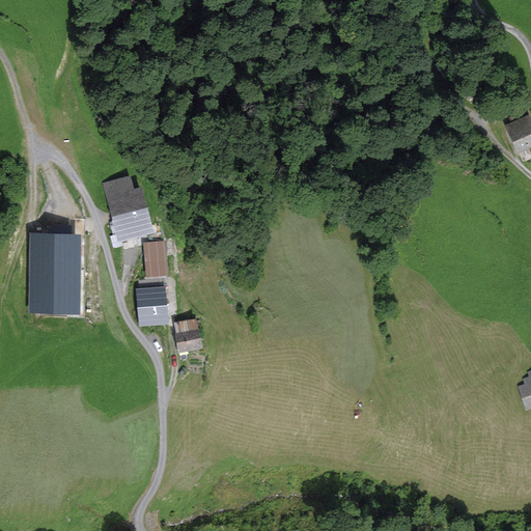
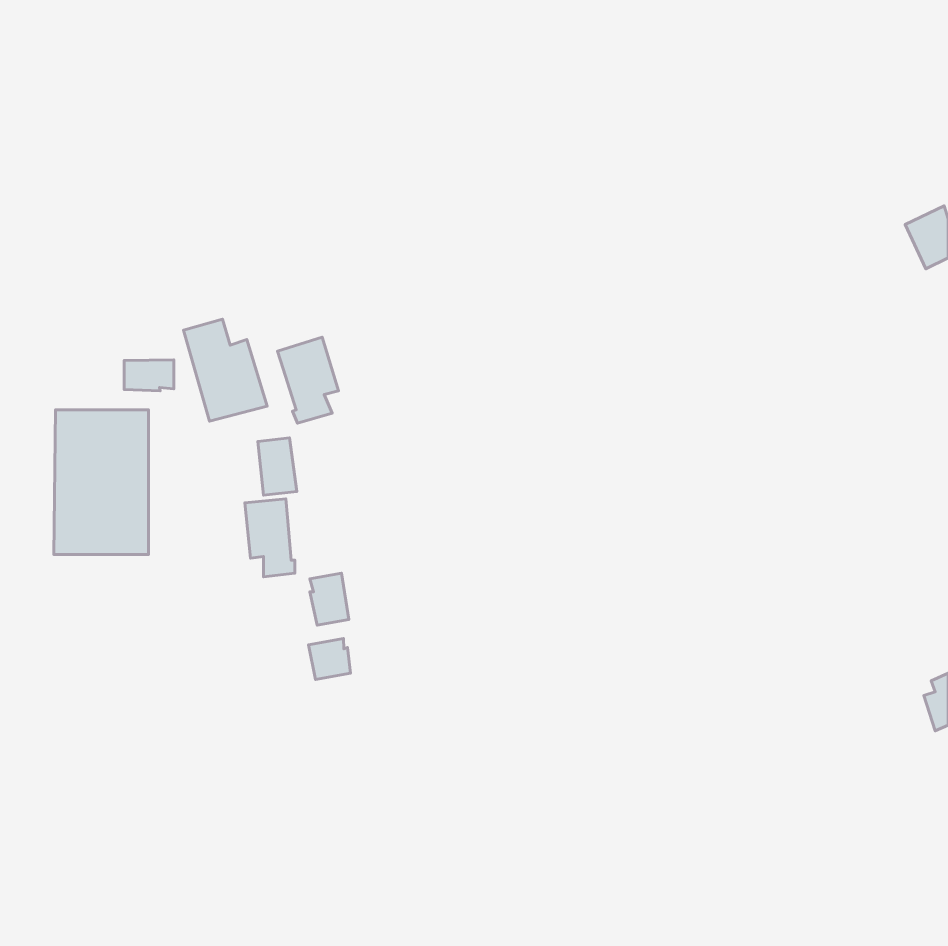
building: none -> [278,337,338,423]
building: none -> [124,360,174,391]
building: none -> [309,639,350,679]

